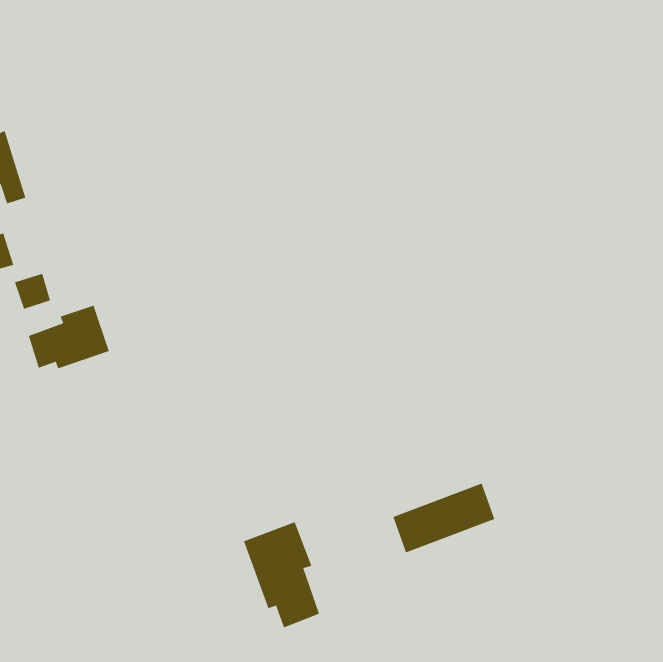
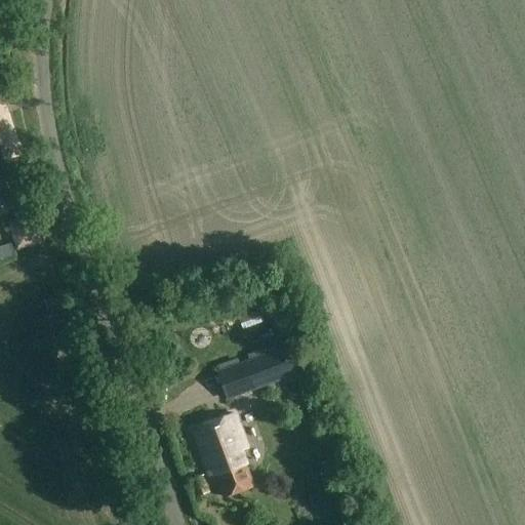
building: [28,305,109,369] -> none
building: [393,483,495,553] -> [216,342,297,398]

